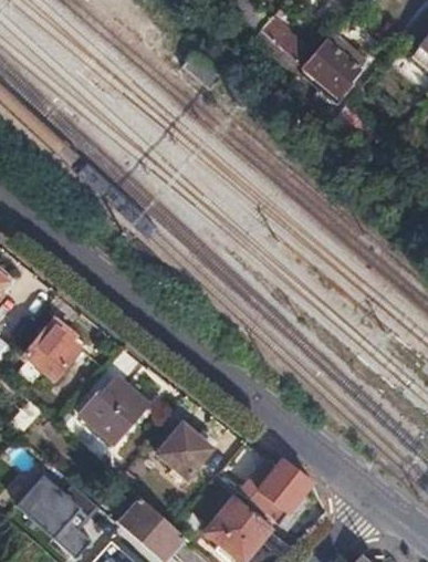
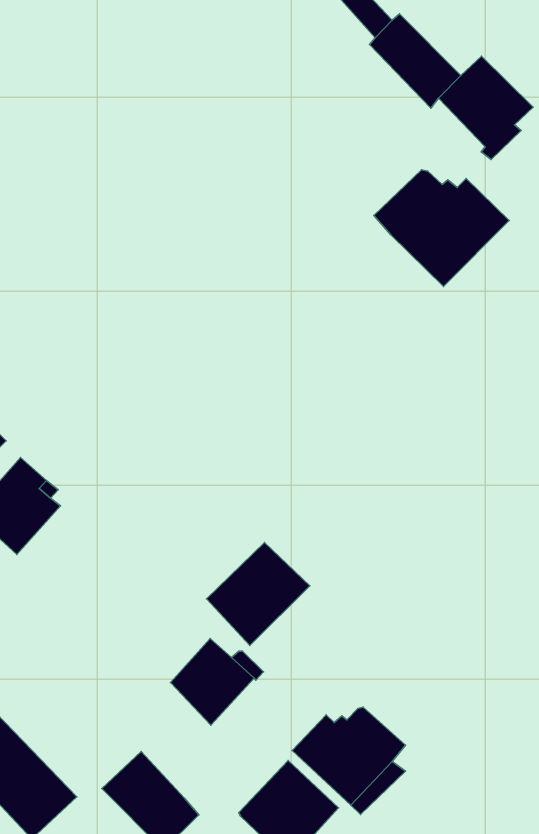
building: none -> [374,170,509,287]
building: [83,377,148,444] -> [206,542,310,646]

